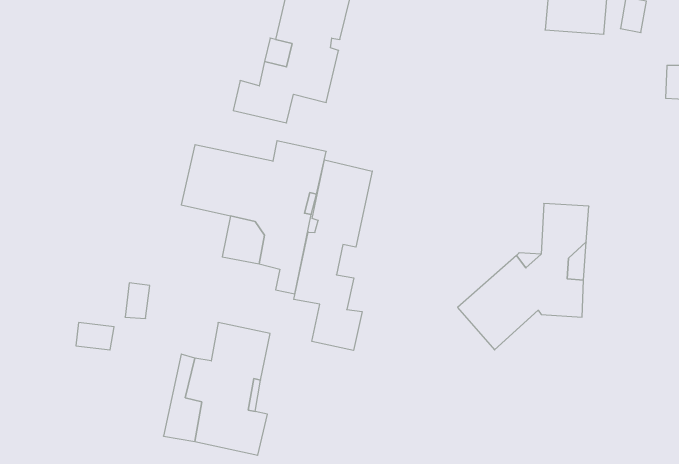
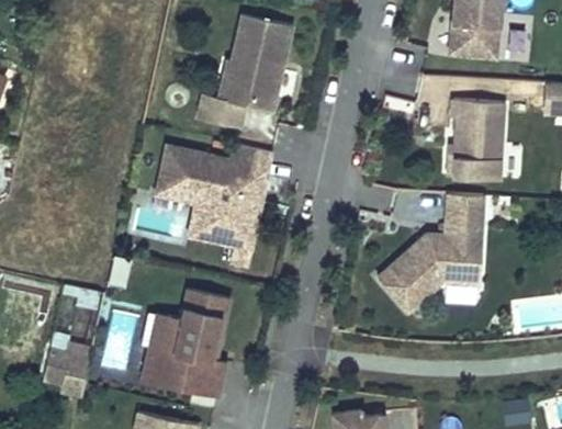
building: none -> [450,98,503,178]
building: [294,160,372,350] -> none
building: none -> [46,349,89,393]

